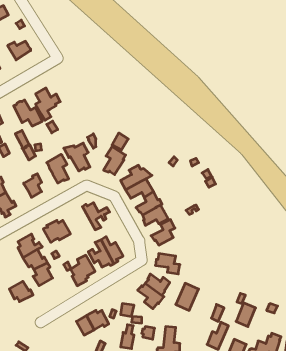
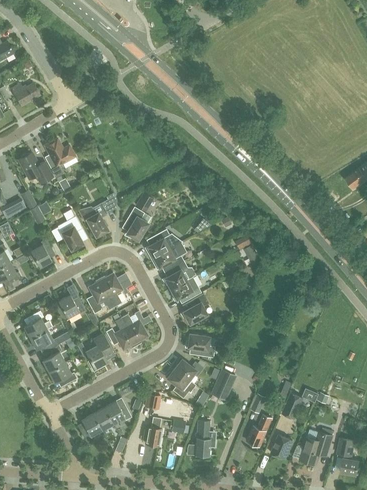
building: none -> [85,278,114,313]
building: [9,281,33,302] -> [48,362,76,386]
building: none -> [77,413,101,441]

